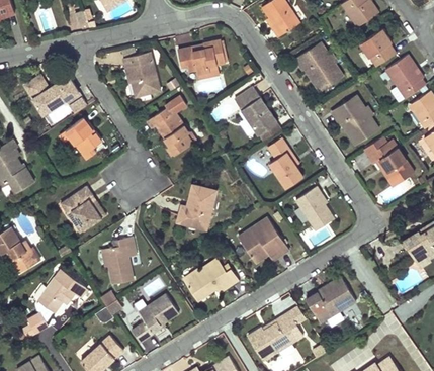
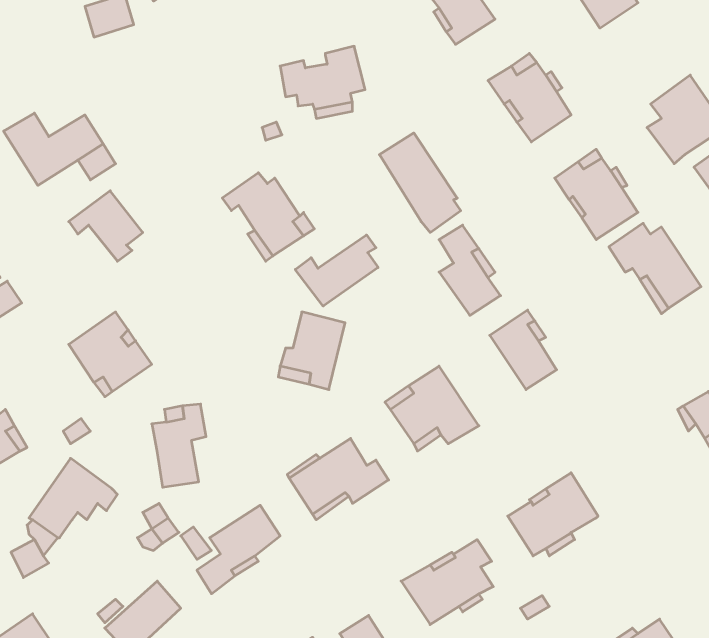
building: [359,29,396,67] -> none
building: [121,52,160,97] -> none
building: none -> [295,235,378,306]

